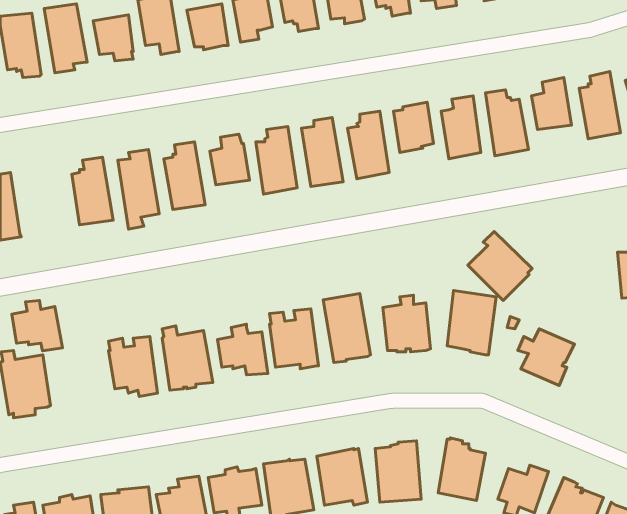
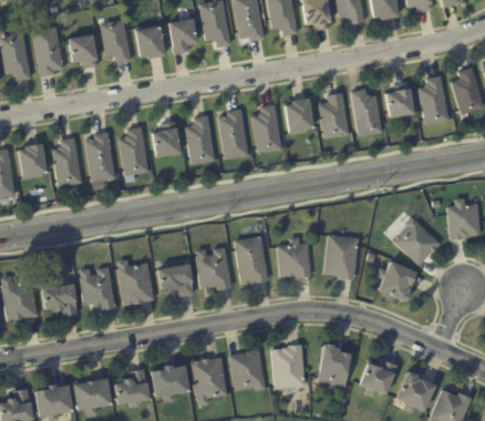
building: none -> [18,143,45,178]
building: [468,232,532,301] -> [393,216,440,266]
building: [12,300,62,351] -> [41,278,78,315]

